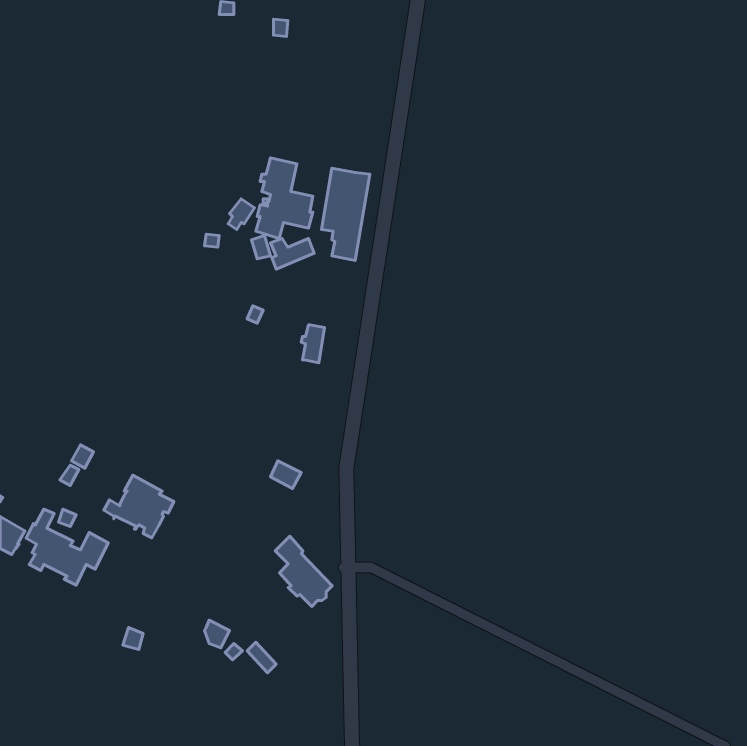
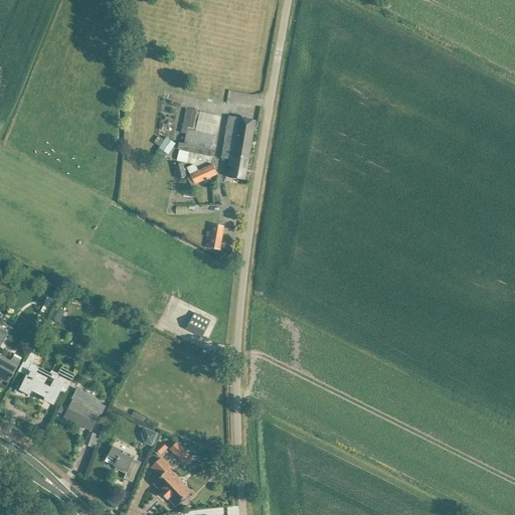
building: [104,475,174,538] -> [57,386,106,430]
building: [275,536,332,606] -> [151,457,190,505]
building: none -> [106,446,141,481]

